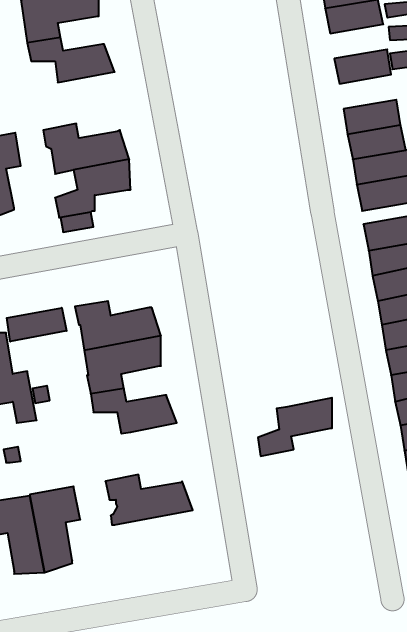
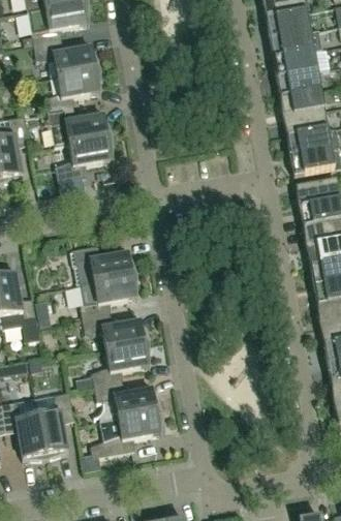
building: none -> [270,29,314,56]
building: none -> [43,66,101,112]
building: none -> [277,68,321,95]
building: [7,308,67,342] -> none
building: [258,398,332,456] -> [92,340,150,386]
building: none -> [90,408,162,456]

